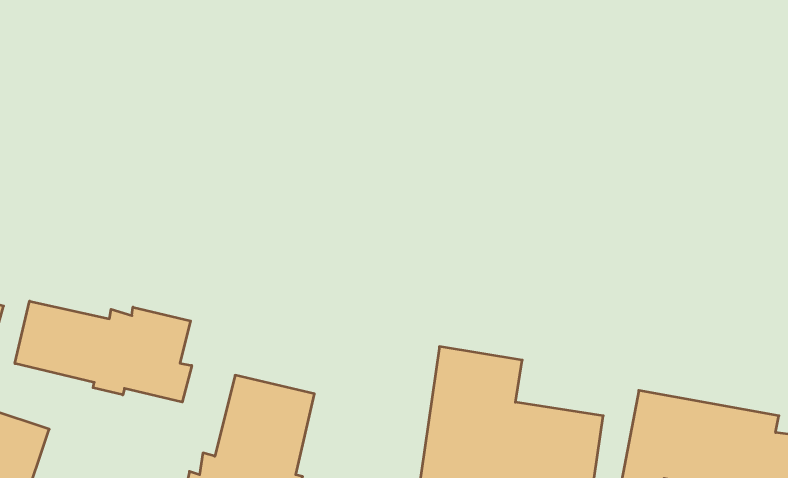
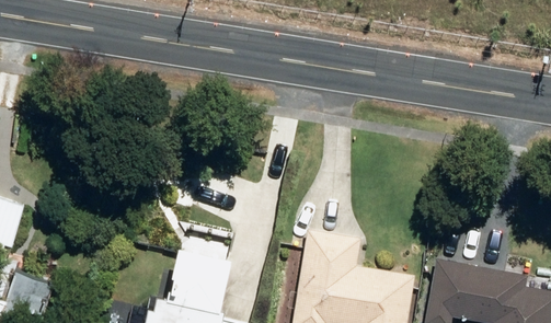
building: [15,301,192,402] -> none

